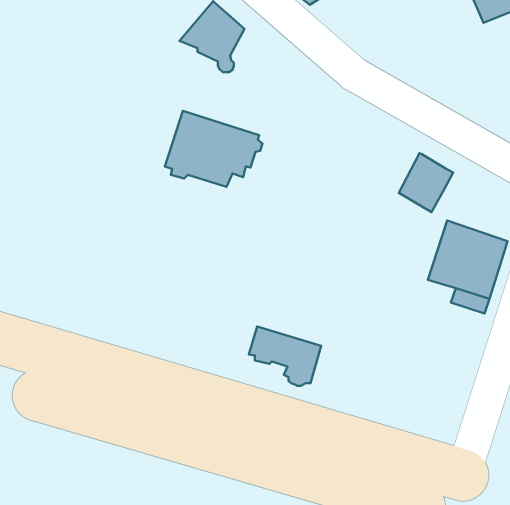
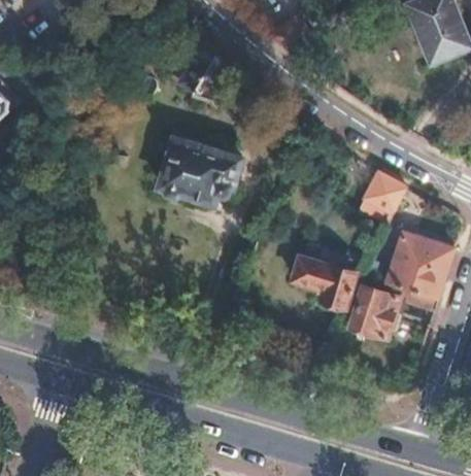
building: none -> [351,285,400,339]
building: [249,327,321,386] -> [291,258,352,308]

